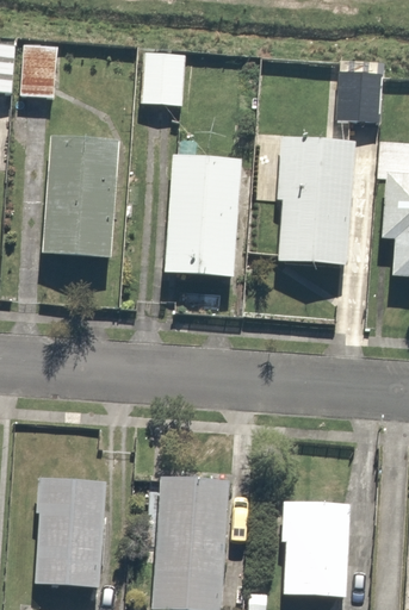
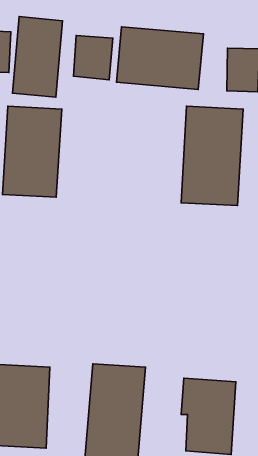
building: none -> [13,17,63,97]
building: none -> [116,27,203,89]
building: [165,155,242,279] -> none

